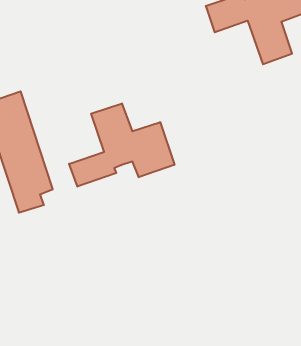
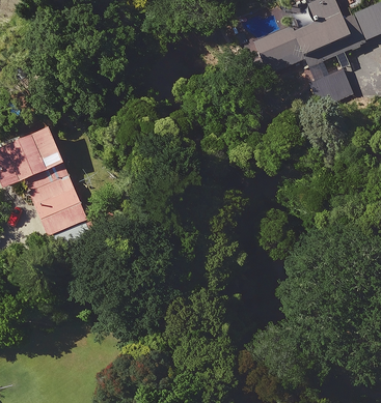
building: [69,103,174,187] -> none

